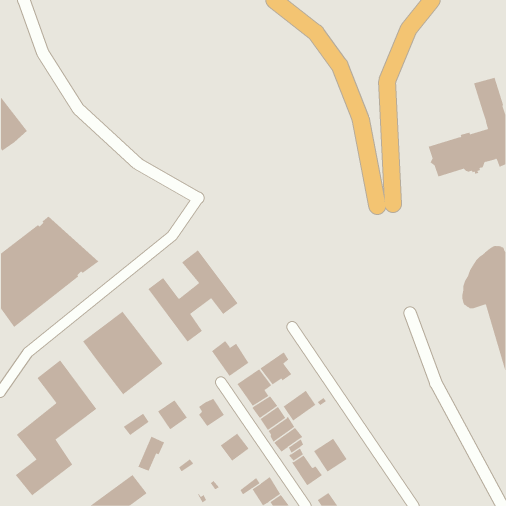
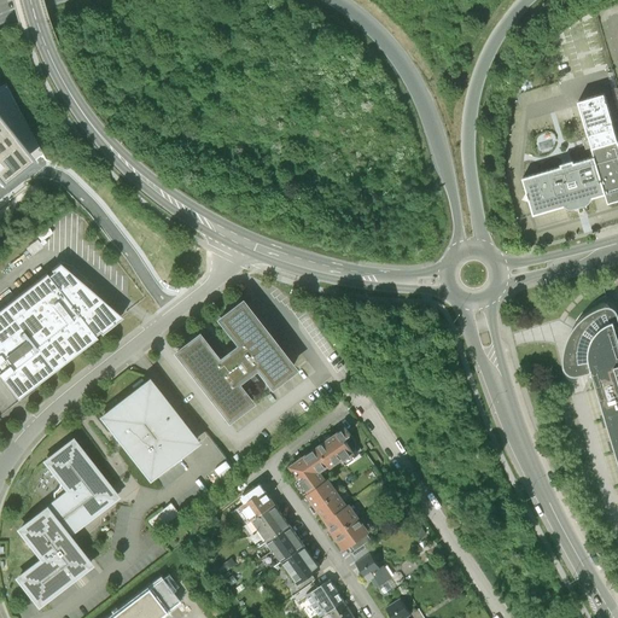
building: [211,340,249,377] -> none
building: [283,390,316,422] -> none
building: [157,400,188,430] -> [252,506,290,543]
building: [138,436,165,471] -> none
building: [313,438,348,472] -> none
building: none -> [282,547,319,584]

